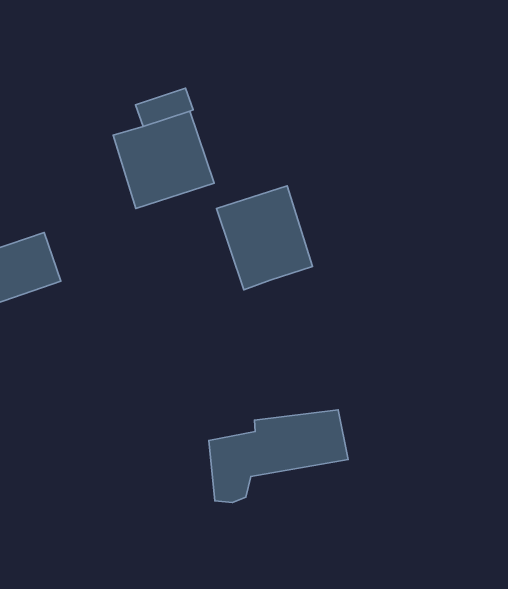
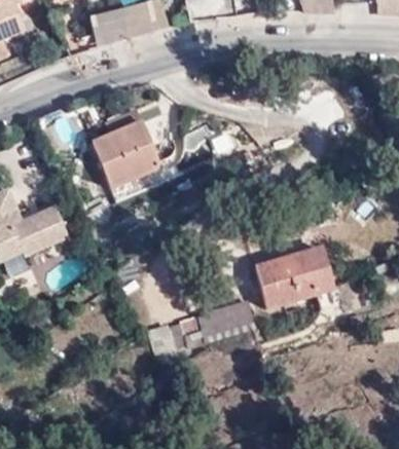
building: [216,186,312,290] -> none
building: none -> [258,252,336,310]

